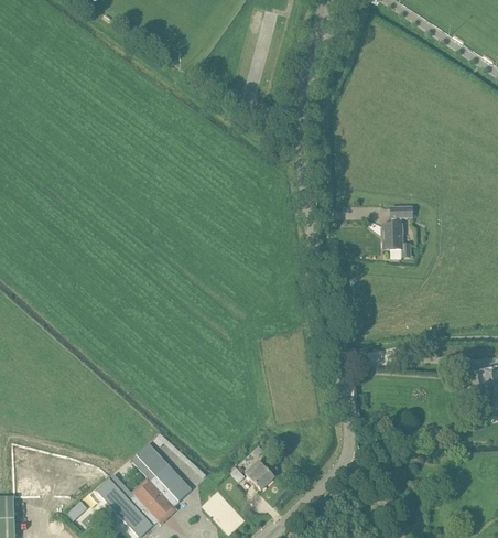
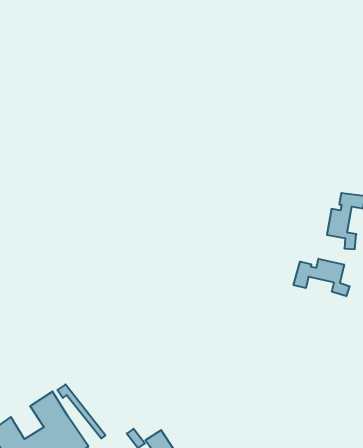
building: none -> [294,259,350,296]

